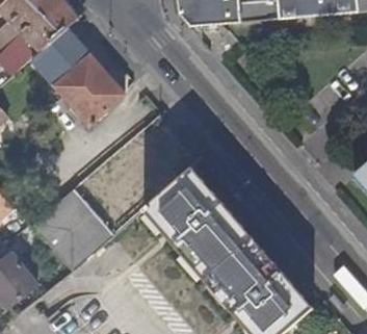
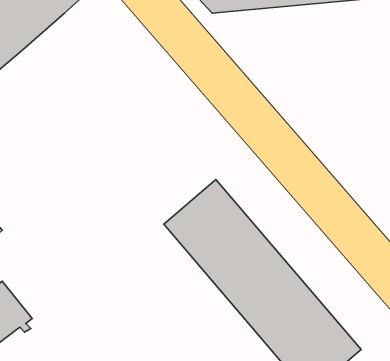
building: [31,27,124,125] -> none
building: [30,187,111,271] -> none

